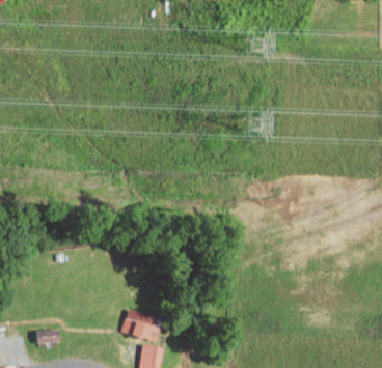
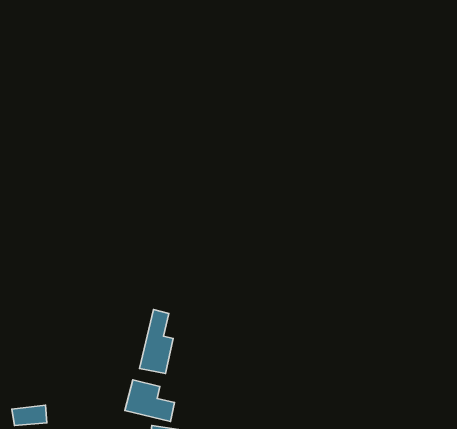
building: none -> [139,309,173,373]

